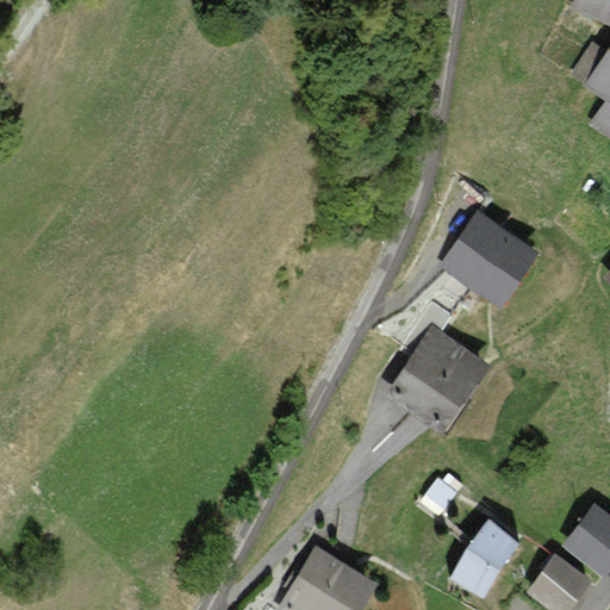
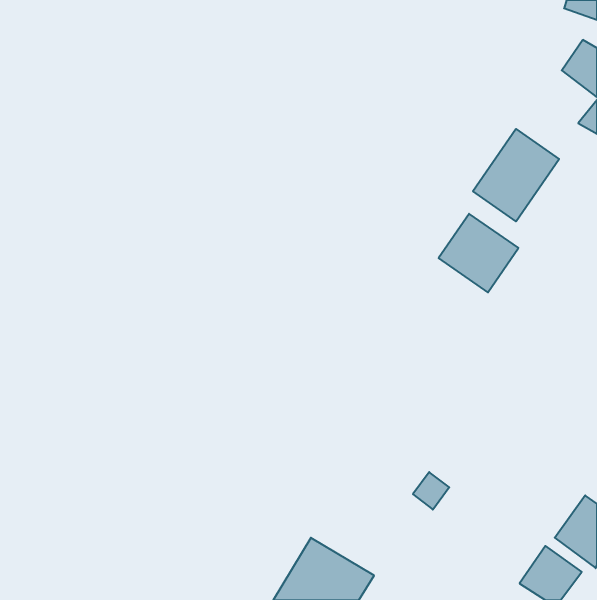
building: none -> [473,129,559,221]
building: [390,326,492,431] -> none
building: [450,518,523,597] -> none

